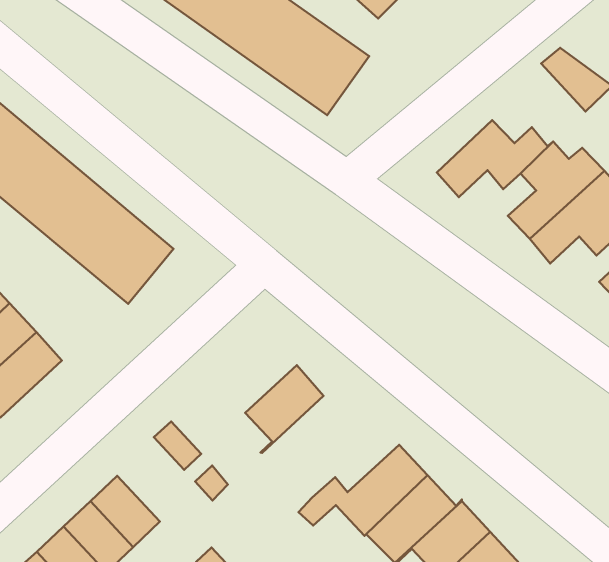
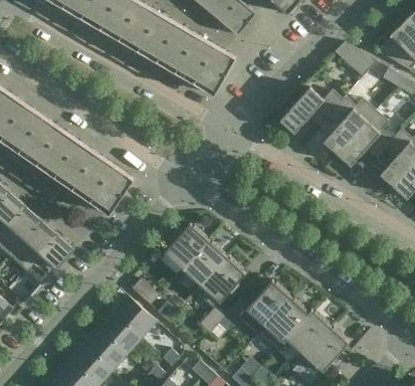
building: none -> [164,224,210,270]
building: none -> [195,256,246,335]
building: none -> [113,297,155,338]

